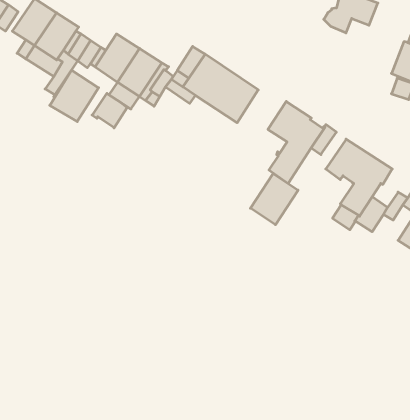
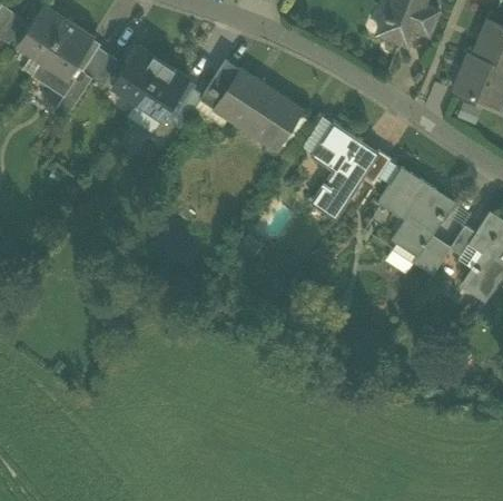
building: [50,70,99,122] -> none
building: [92,93,127,128] -> none
building: [250,174,298,225] -> none

